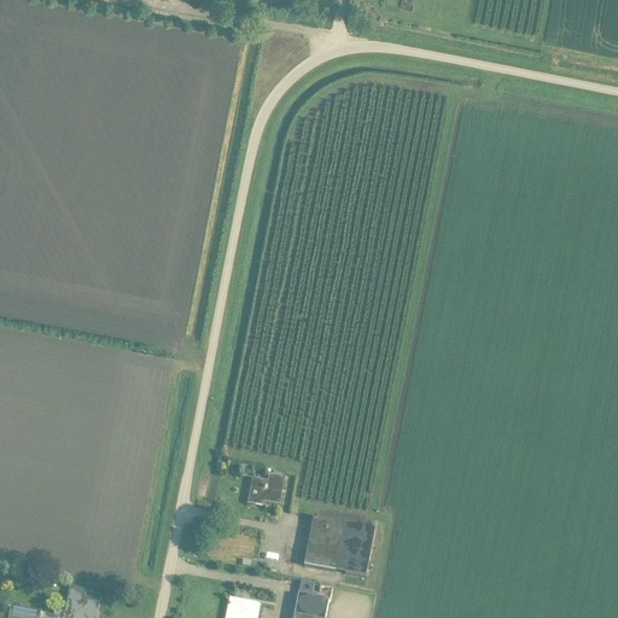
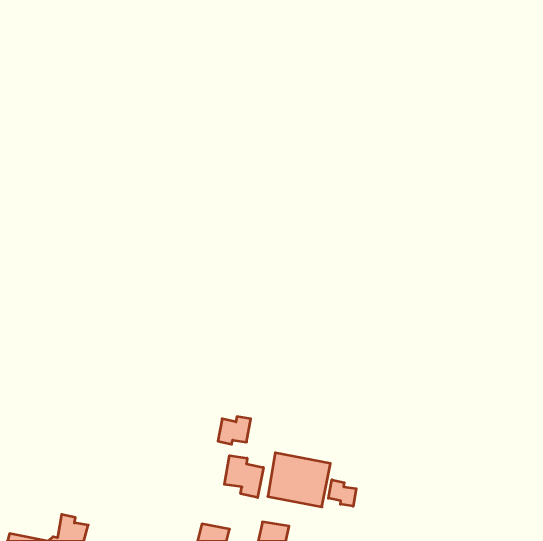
building: none -> [224,456,263,498]
building: none -> [328,480,356,506]

